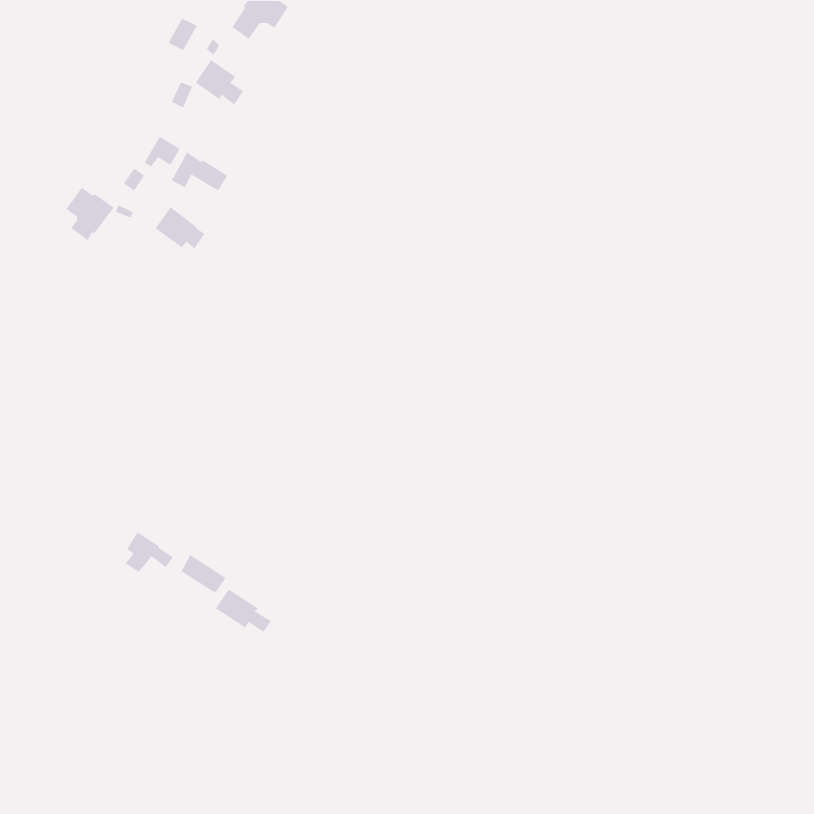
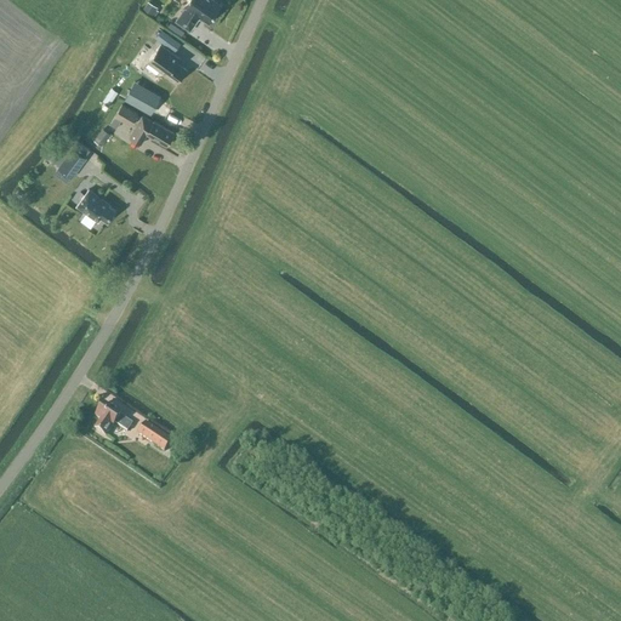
building: none -> [126,84,160,114]
building: [154,206,206,249] -> [78,190,116,223]
building: [215,589,272,633] -> none

